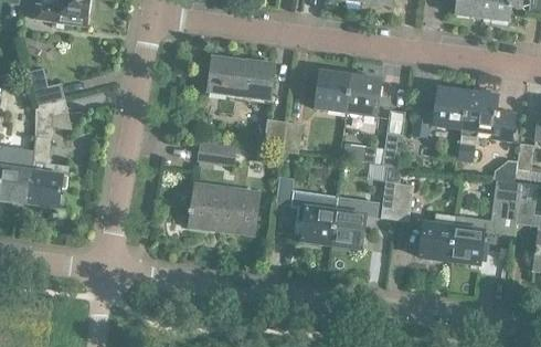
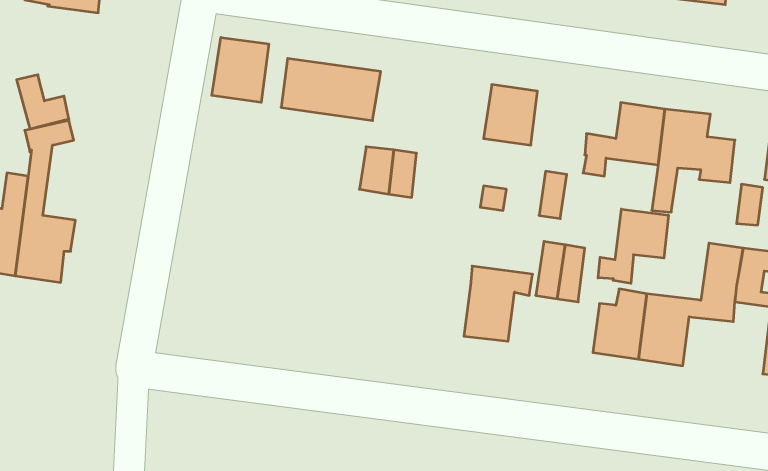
building: none -> [212,37,269,102]
building: [315,71,350,111] -> none
building: [198,141,235,164] -> none
building: none -> [598,209,668,283]
building: [276,176,337,244] -> none
building: [187,183,258,233] -> none

